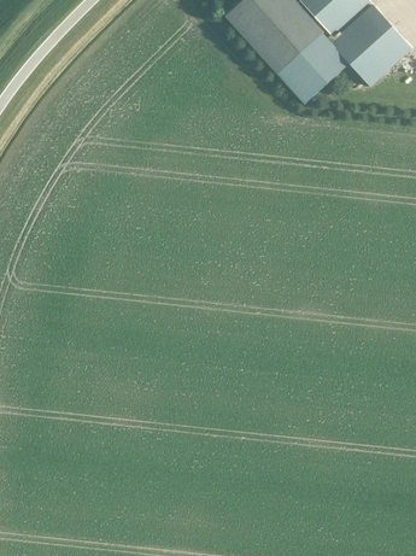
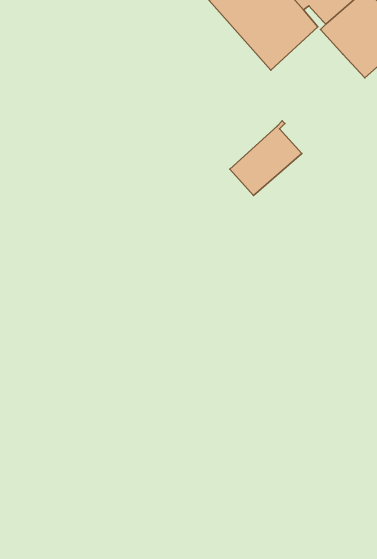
building: [282,34,348,103] -> [230,121,302,196]

